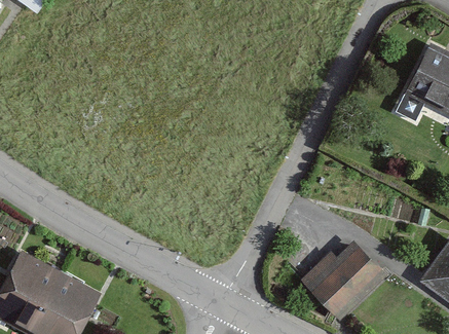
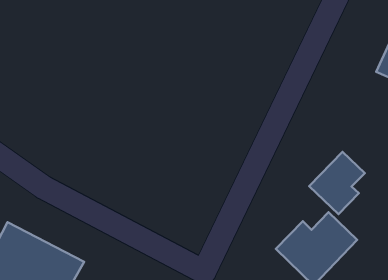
building: none -> [309,152,365,214]

